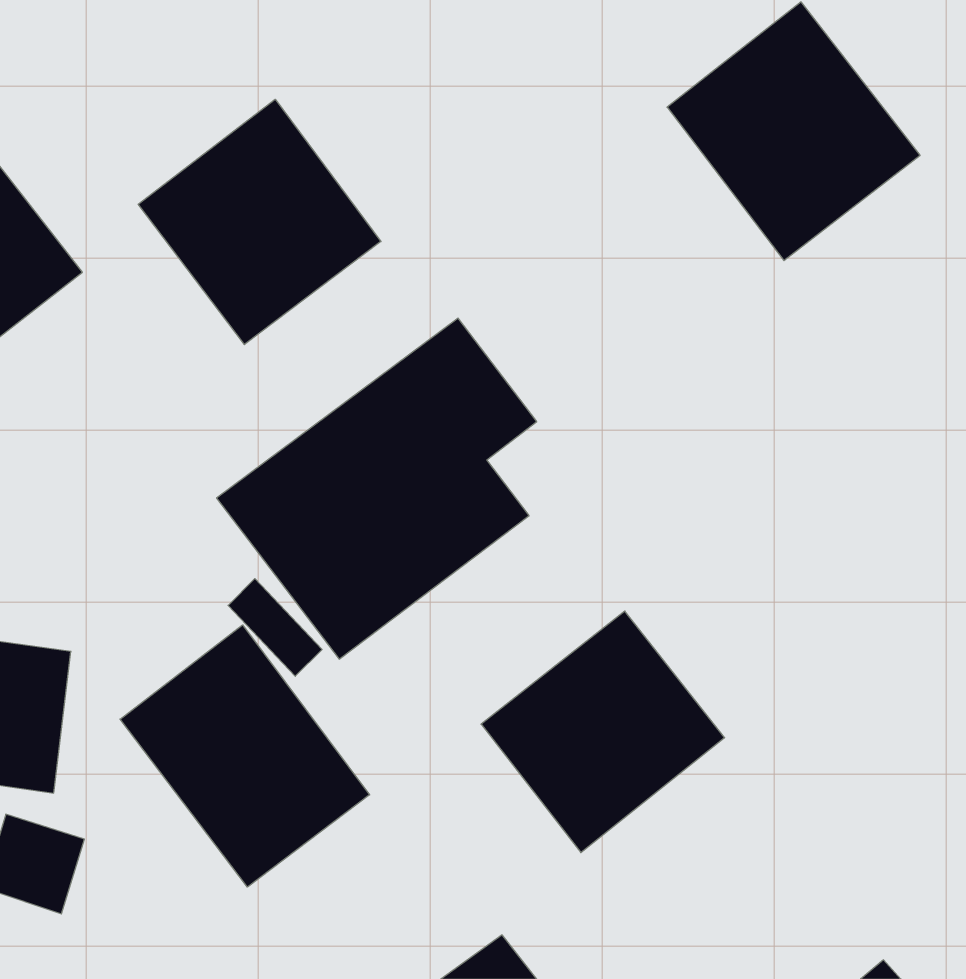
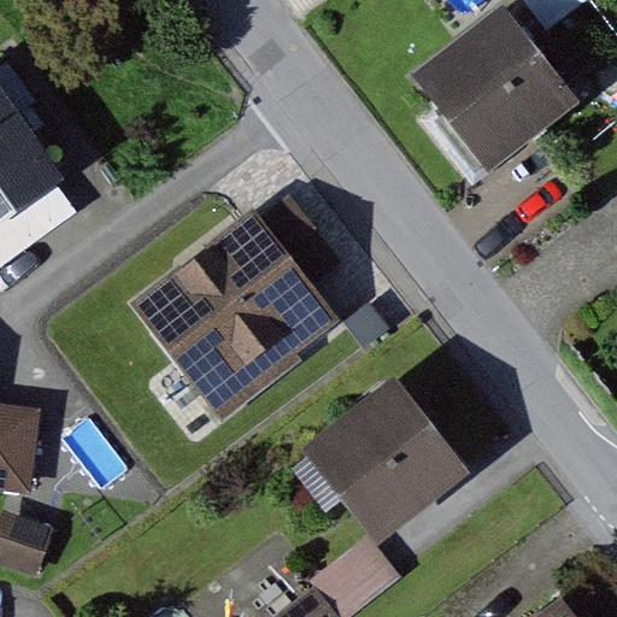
building: [138,99,381,345] -> none
building: [120,625,370,887] -> none

